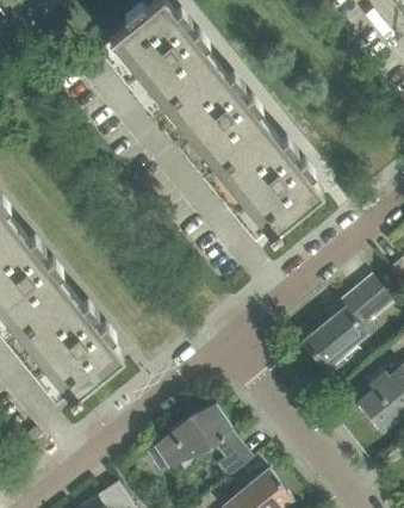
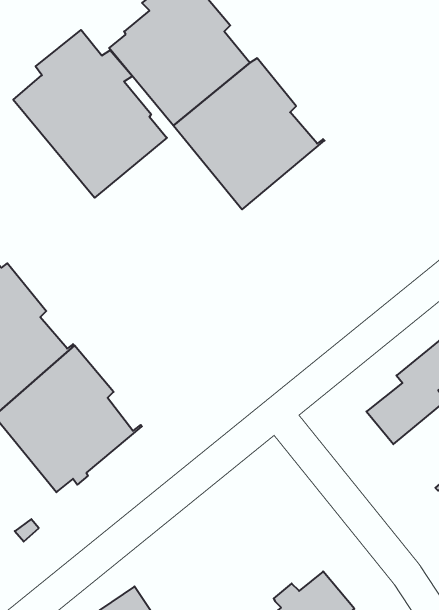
building: none -> [13,30,167,198]
building: [205,125,324,242] -> none
building: [149,403,254,477] -> none

